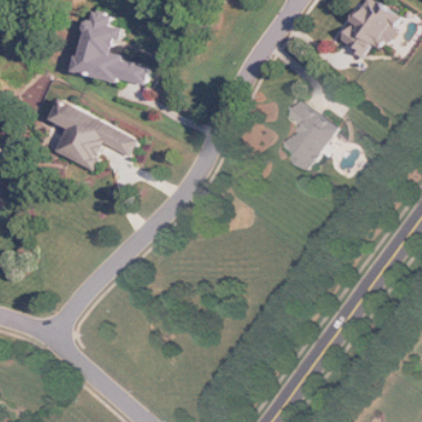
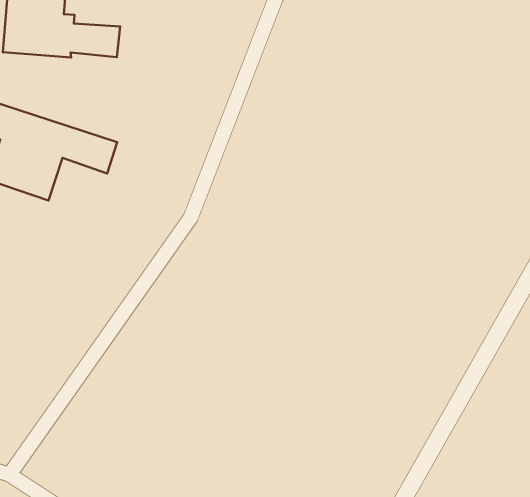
building: [280,101,333,171] -> none

